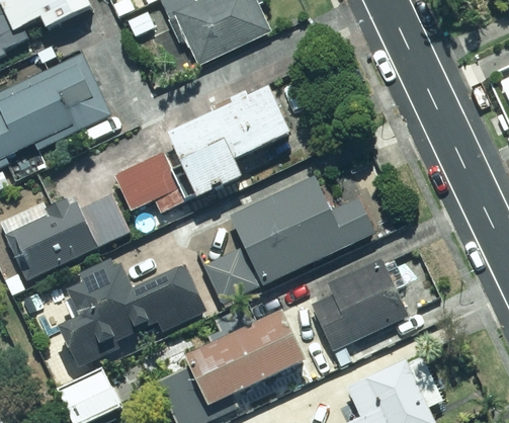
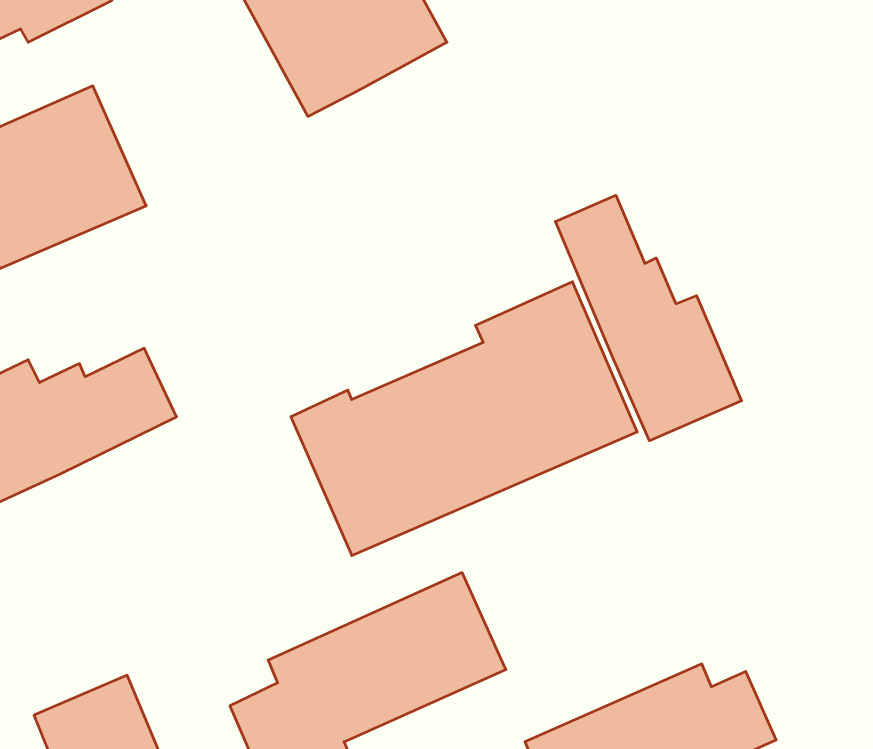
building: [112,88,287,215] -> none
building: none -> [555,195,742,441]
building: [52,260,207,368] -> none
building: [310,260,406,350] -> none

